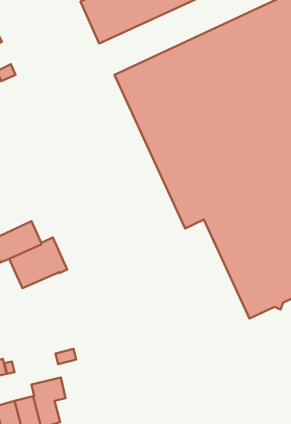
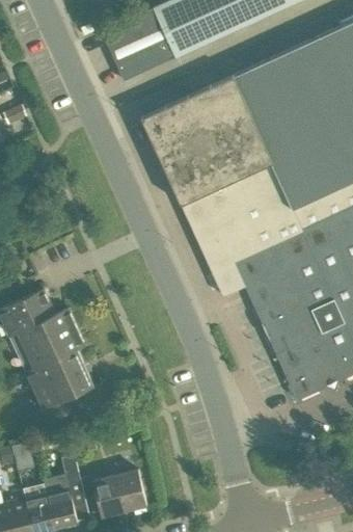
building: none -> [24,347,92,408]
building: none -> [89,470,146,516]

